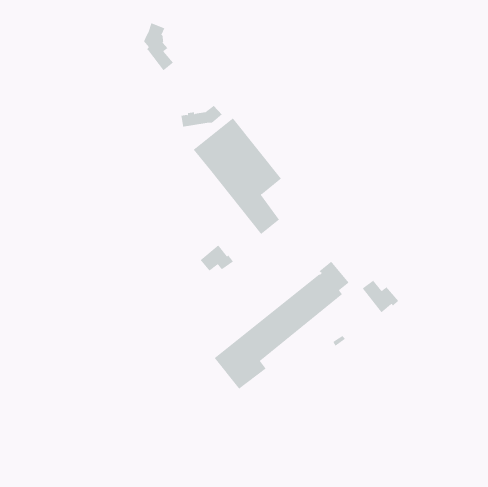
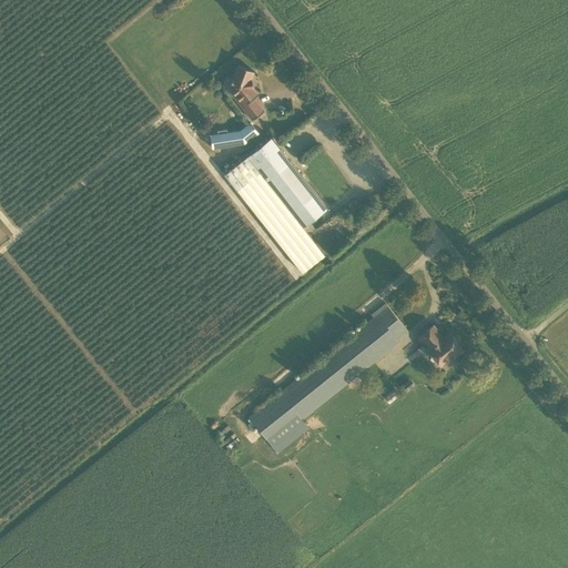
building: [143,22,174,71] -> [229,65,264,122]
building: [200,245,234,271] -> none

